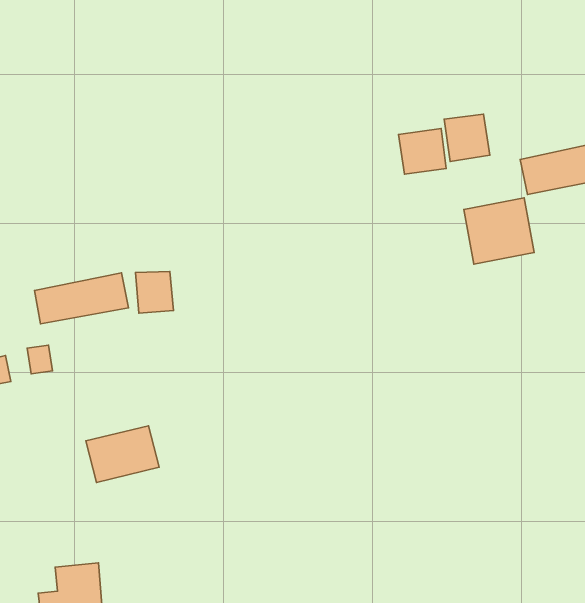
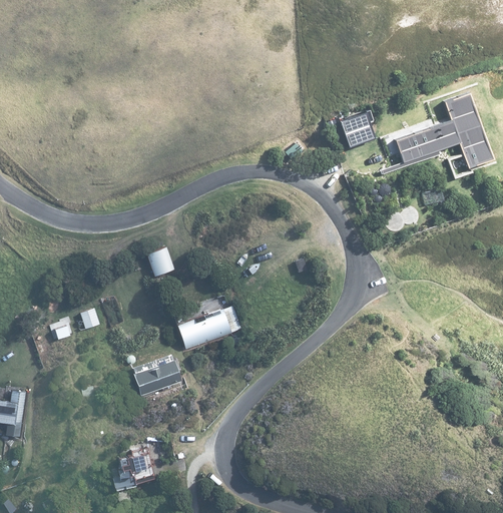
building: [398,128,446,174] -> none
building: [464,198,534,264] -> none
building: [35,273,129,324] -> [175,306,240,348]

